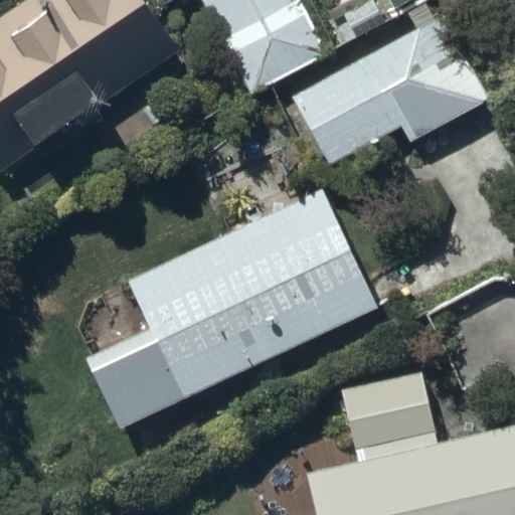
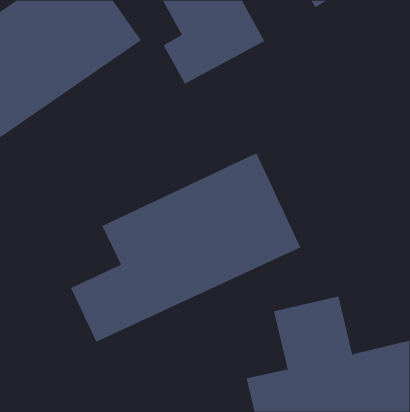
building: [292,14,492,167] -> none

